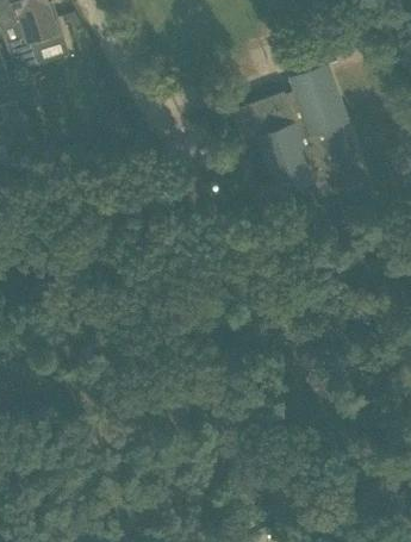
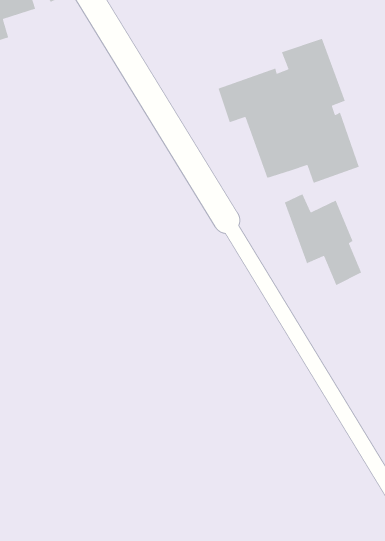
building: none -> [284,193,362,286]

